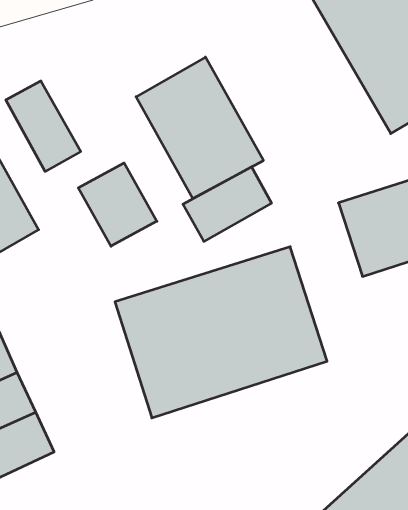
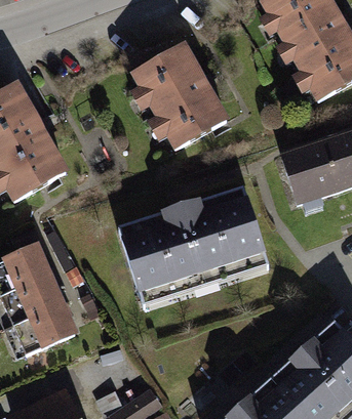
building: [6,81,81,171] -> none
building: [78,163,157,246] -> none
building: [183,167,271,241] -> none

